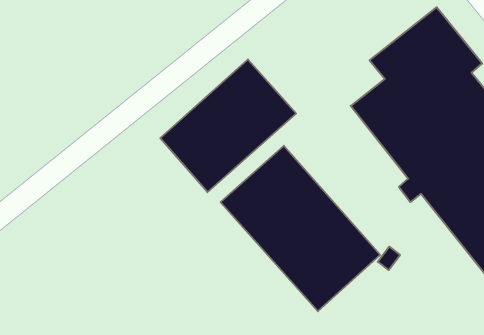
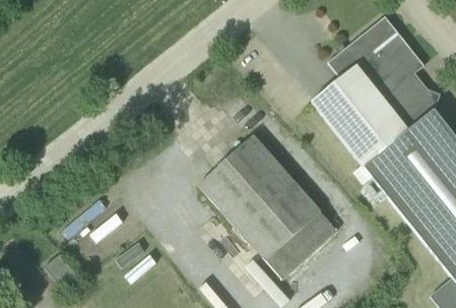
building: [160,59,296,192] -> none

